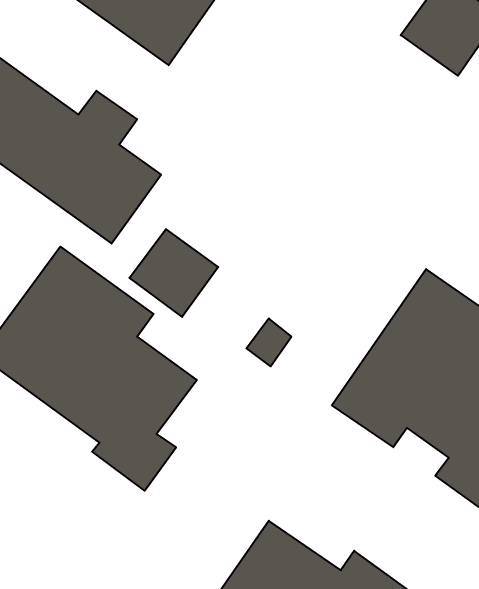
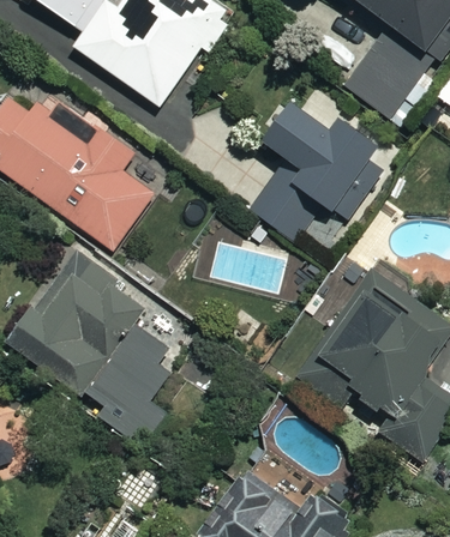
building: none -> [250,102,383,241]
building: [129,229,218,317] -> none

